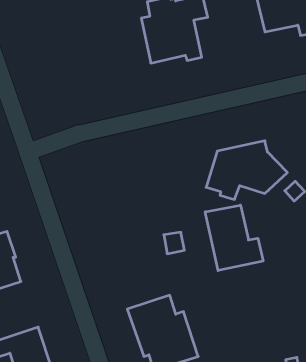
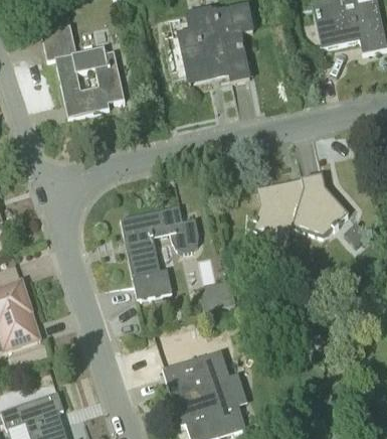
building: none -> [40,24,125,117]
building: none -> [121,204,199,299]
building: [205,205,263,271] -> none

